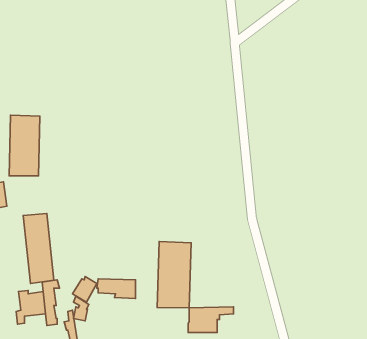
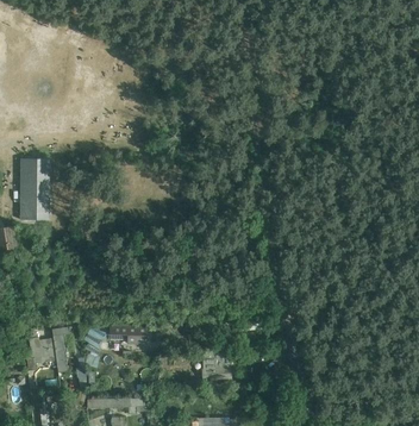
building: [23,214,54,283] -> none
building: [157,241,191,308] -> none

